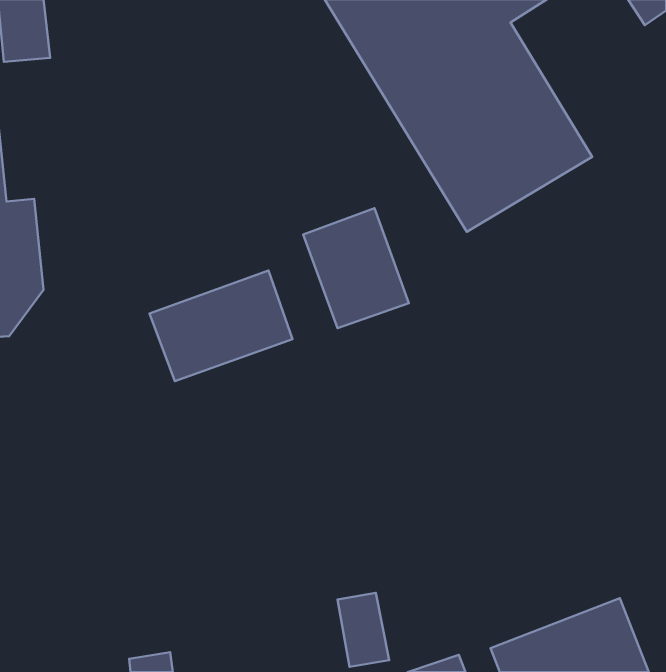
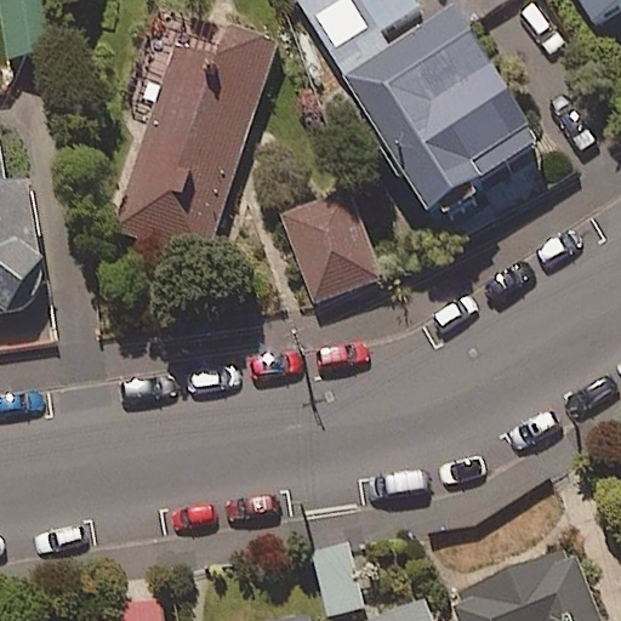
building: none -> [115,17,273,258]
building: [150,270,292,381] -> none

